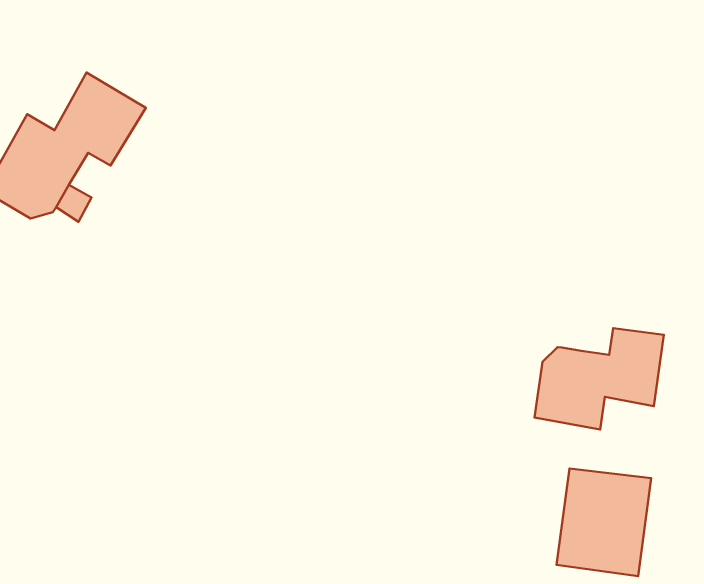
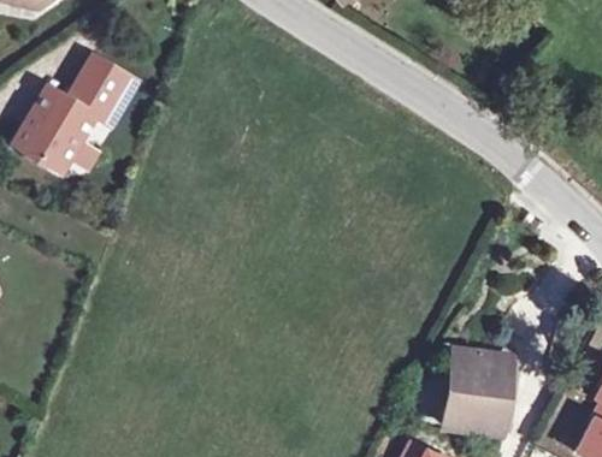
building: [535,328,664,429] -> none

